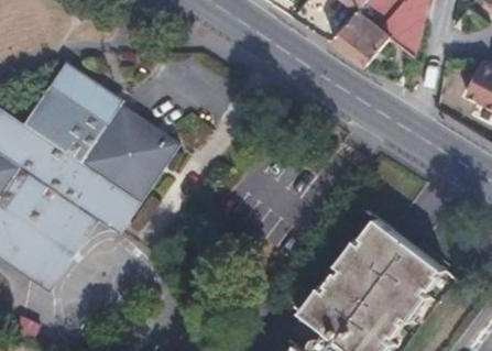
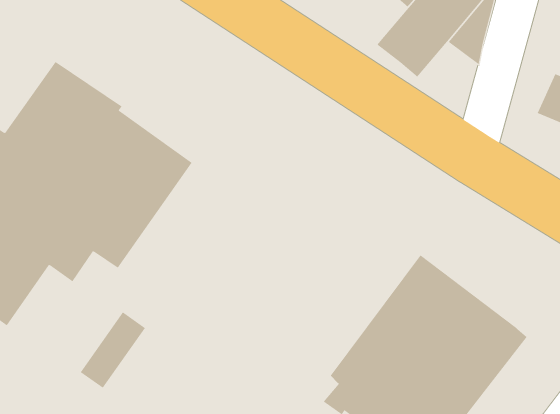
building: [35,222,88,284] -> [80,312,146,388]

